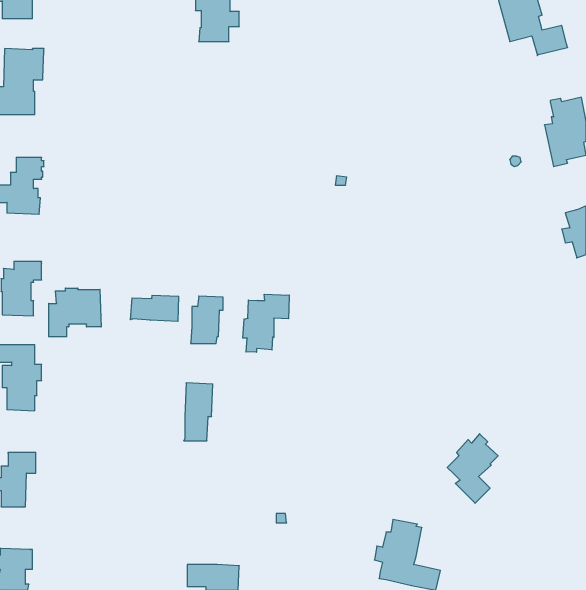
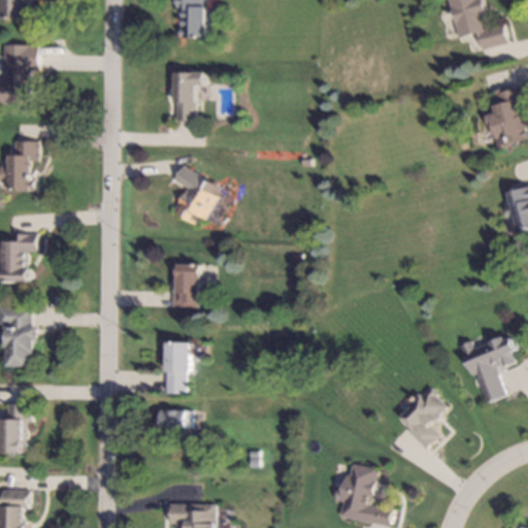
building: none -> [173,71,204,120]
building: none -> [171,164,217,224]
building: [49,288,101,337] -> none
building: [243,294,289,352] -> none
building: [131,295,179,321] -> none
building: none -> [458,336,515,402]
building: none -> [153,409,190,428]

